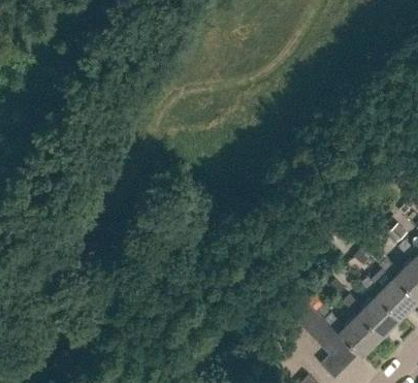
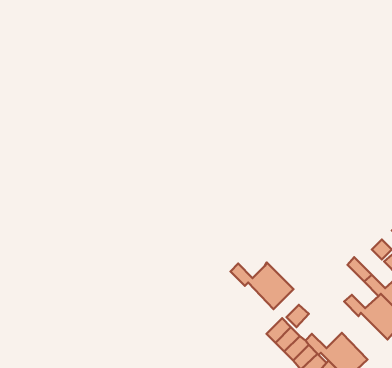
building: [345,292,404,336] -> [230,263,294,309]

